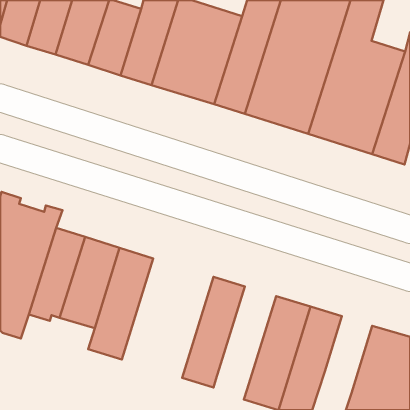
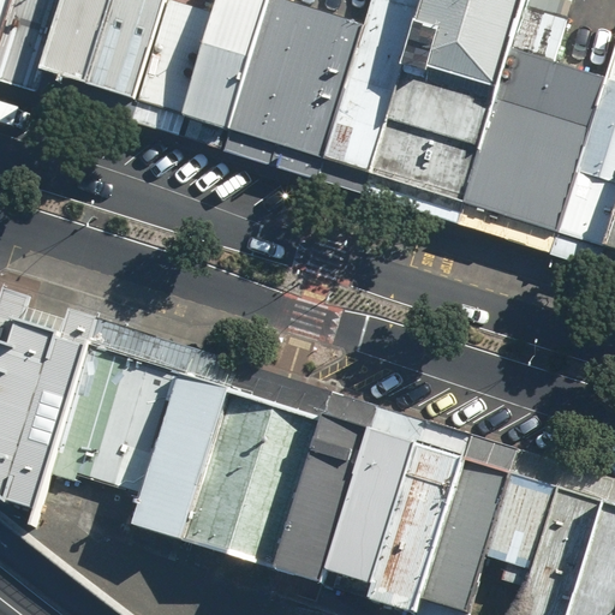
building: none -> [183,387,320,566]
building: none -> [323,429,413,583]
building: none -> [486,473,557,589]

